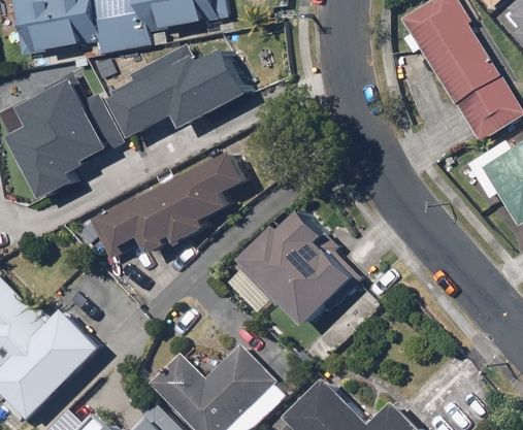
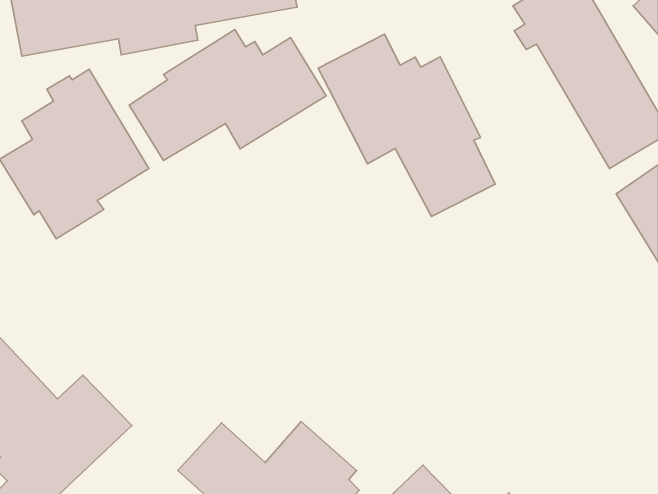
building: none -> [318,34,495,217]
building: [85,144,251,263] -> none
building: [220,203,360,327] -> none

